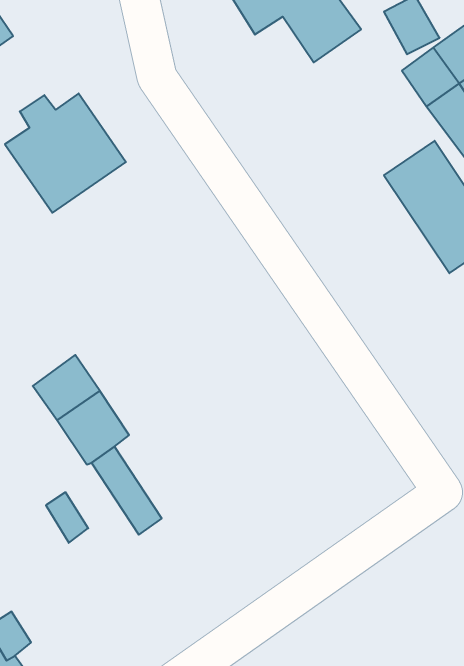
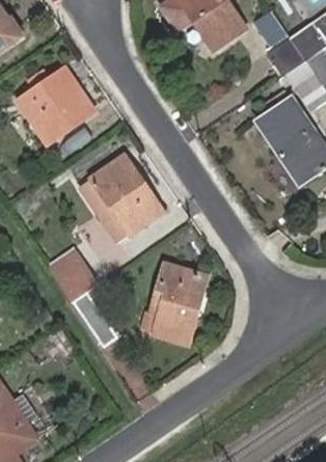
building: none -> [79,155,161,242]
building: none -> [141,264,208,344]

